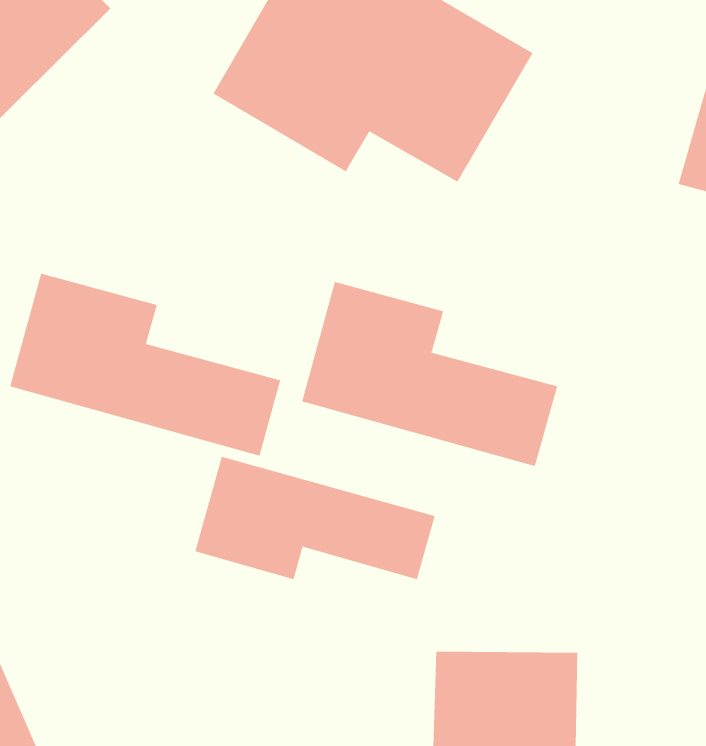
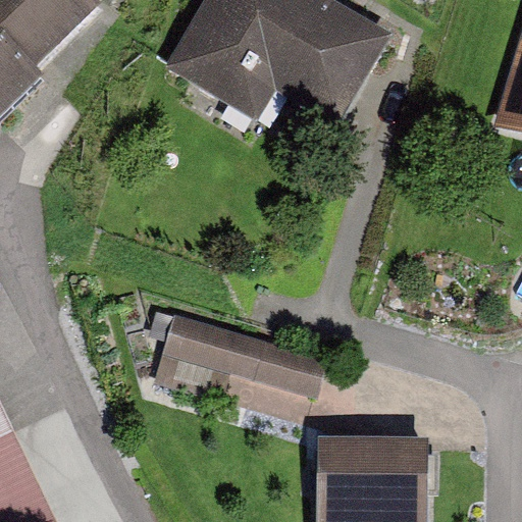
building: [9,273,281,456] -> none
building: [301,281,558,467] -> none

